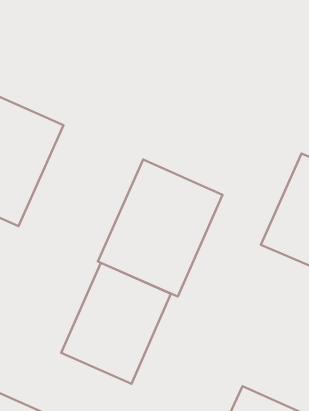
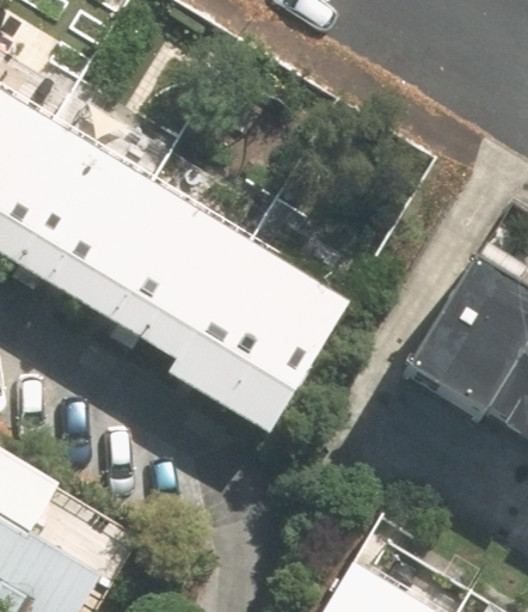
building: none -> [82,180,262,369]
building: [61,263,171,384] -> none

